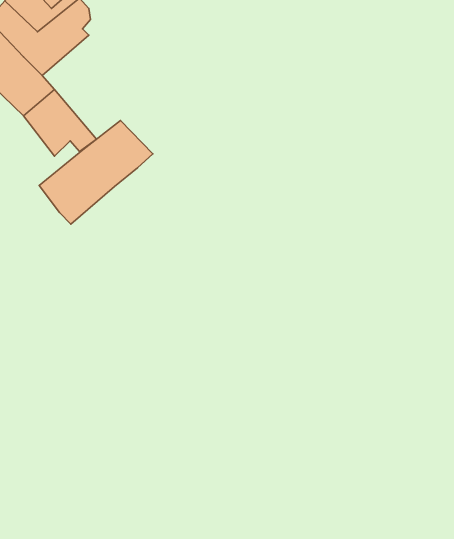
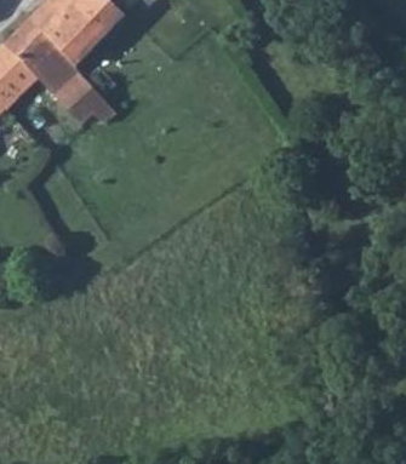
building: [39,120,153,224] -> none

